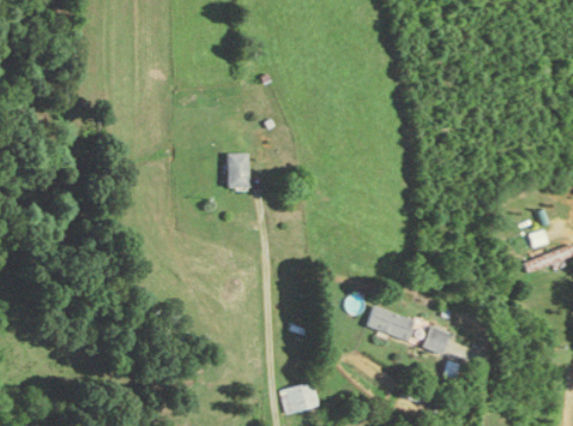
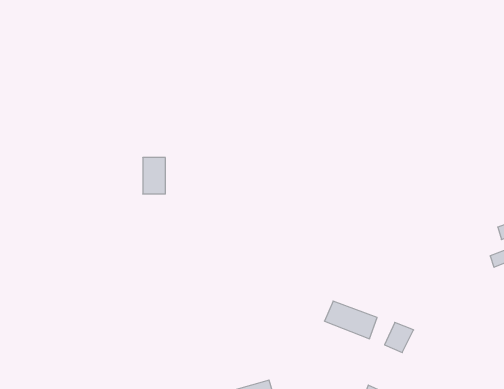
building: [227,151,248,186] -> [143,158,165,194]

